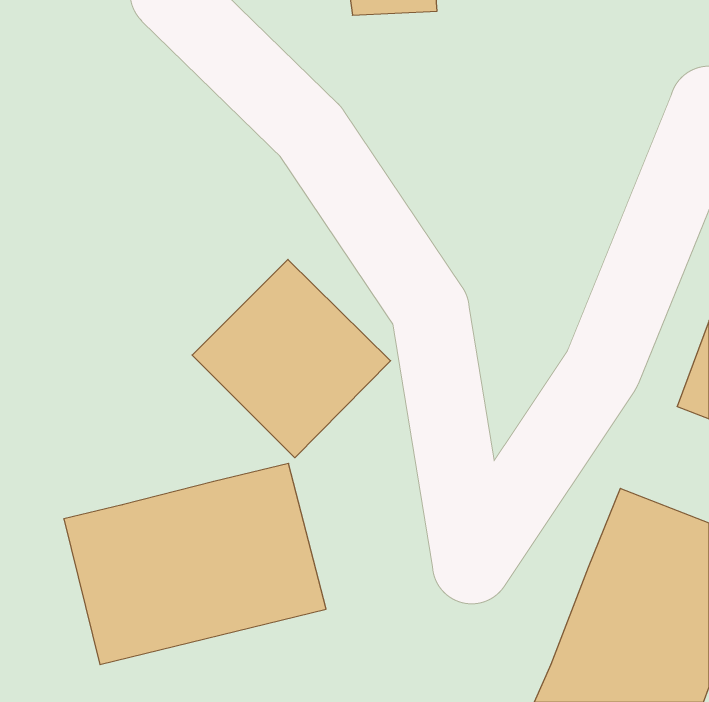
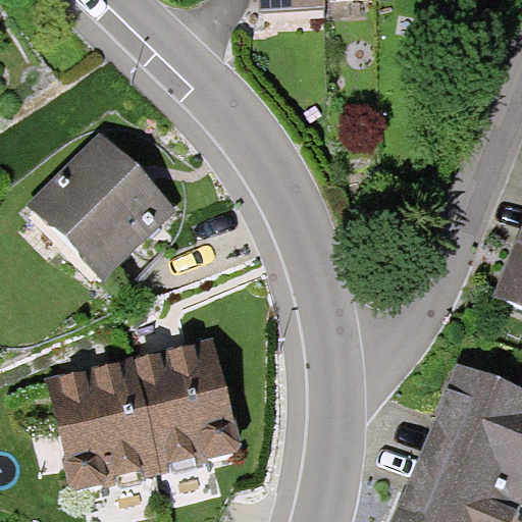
building: [192,259,391,458] -> [34,136,179,281]

